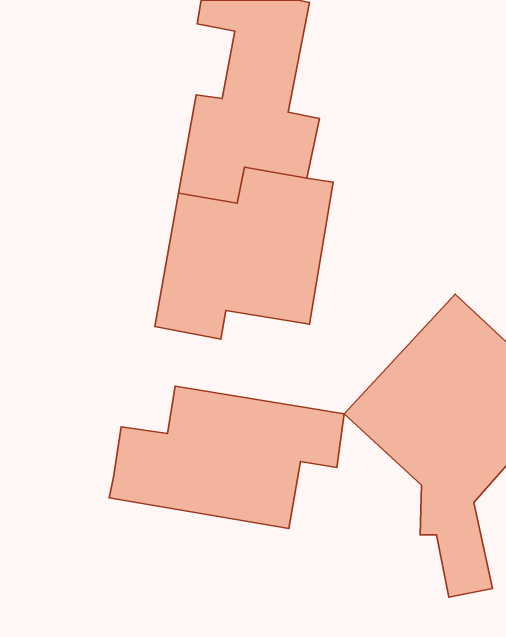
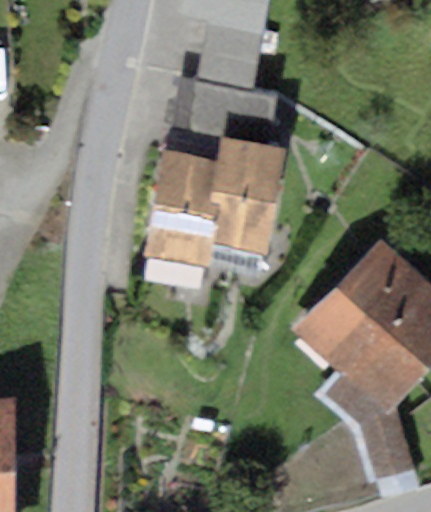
building: [109,386,344,529] -> none

